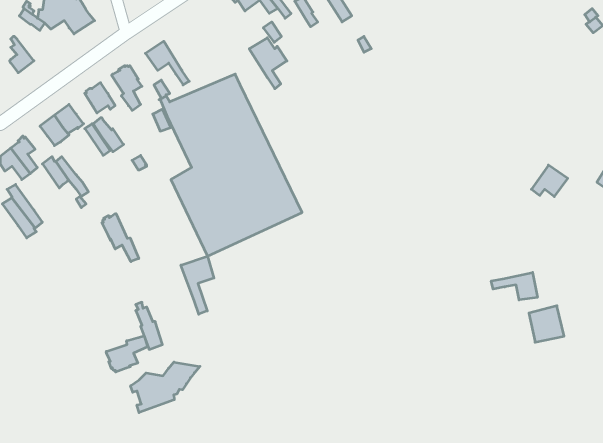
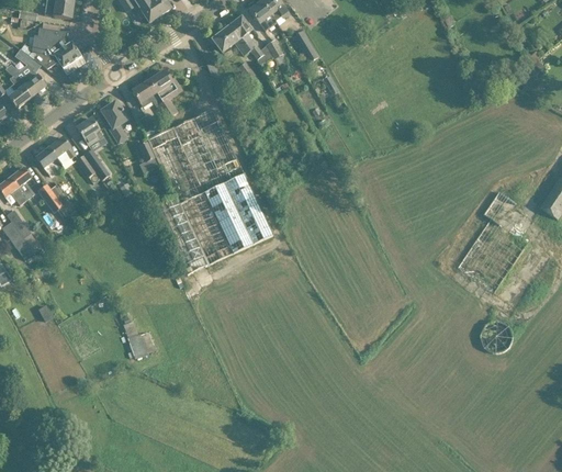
building: none -> [13,67,46,98]
building: [249,38,287,89] -> [148,70,182,116]
building: [102,214,139,262] -> none
building: [181,256,214,314] -> none
building: [491,272,537,300] -> none
building: [106,336,148,372] -> none
building: [131,362,200,413] -> none

